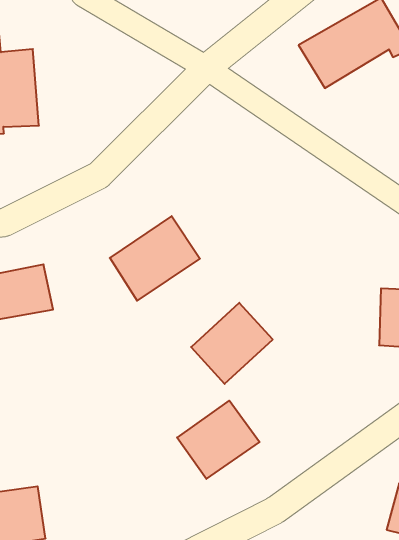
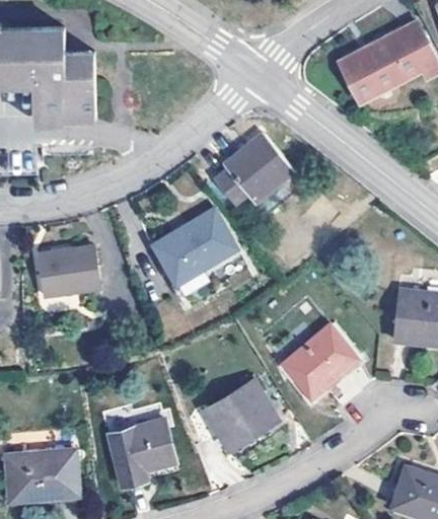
building: none -> [212,134,293,205]
building: [191,303,273,384] -> [282,325,357,398]
building: none -> [108,419,174,488]

